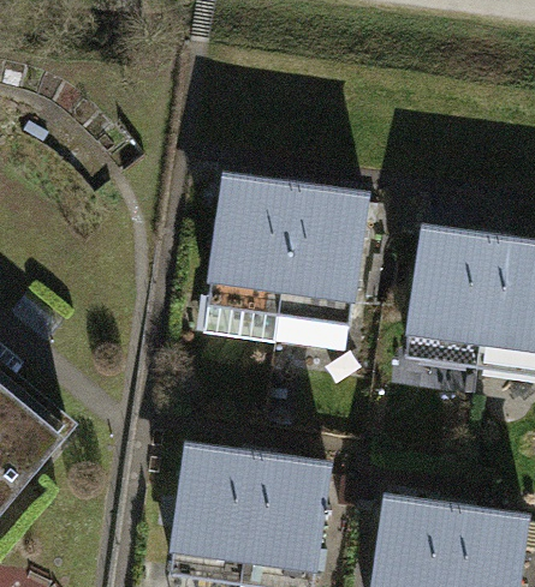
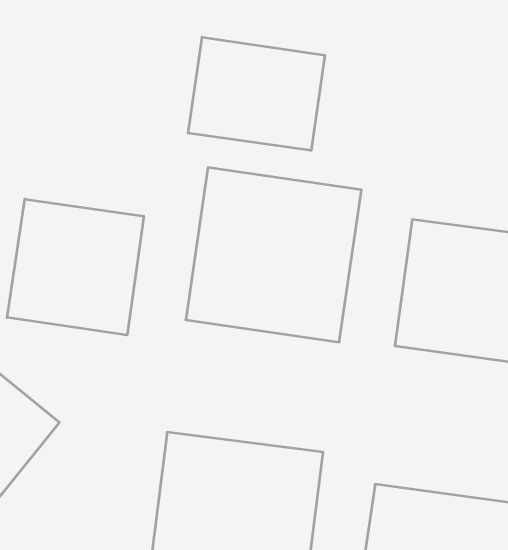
building: none -> [188,37,325,150]
building: none -> [7,199,144,335]

